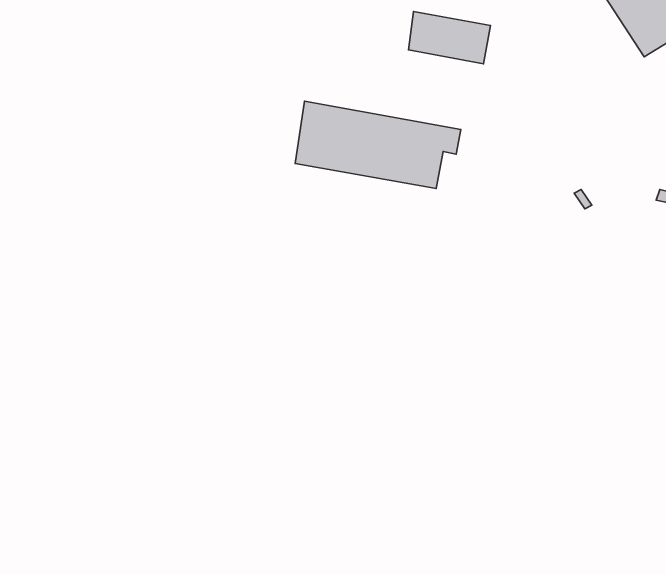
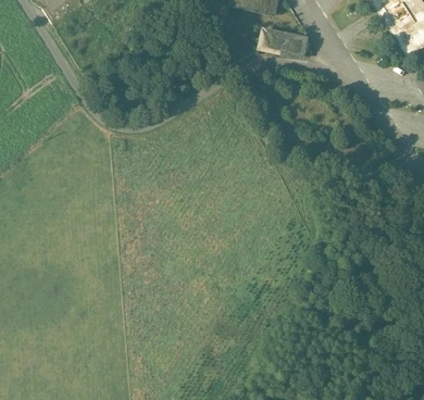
building: [295,101,461,189] -> none

